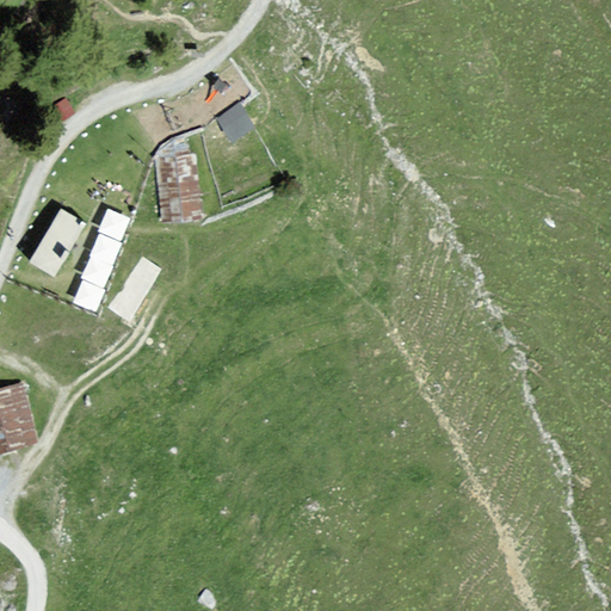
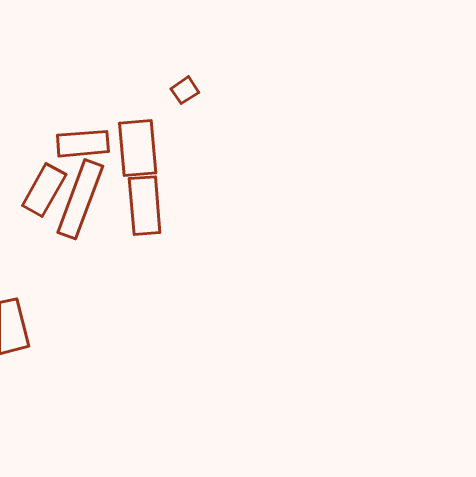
building: none -> [57,131,109,156]
building: none -> [129,177,160,235]

